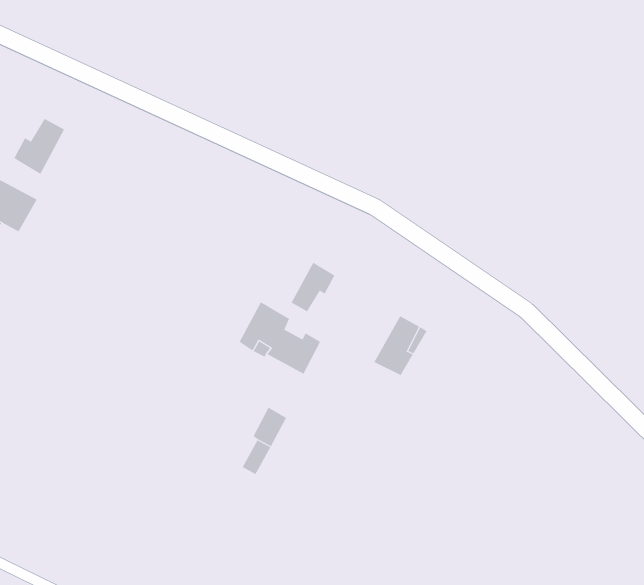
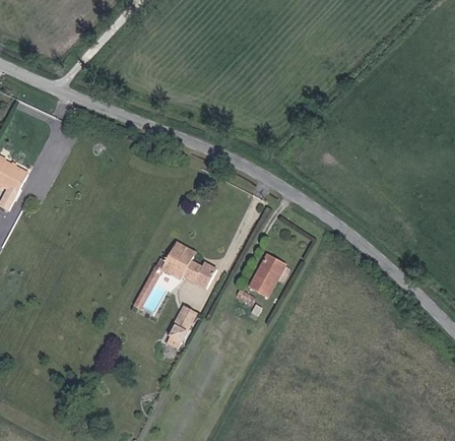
building: [14,118,65,175] -> none
building: [291,262,335,312] -> none

